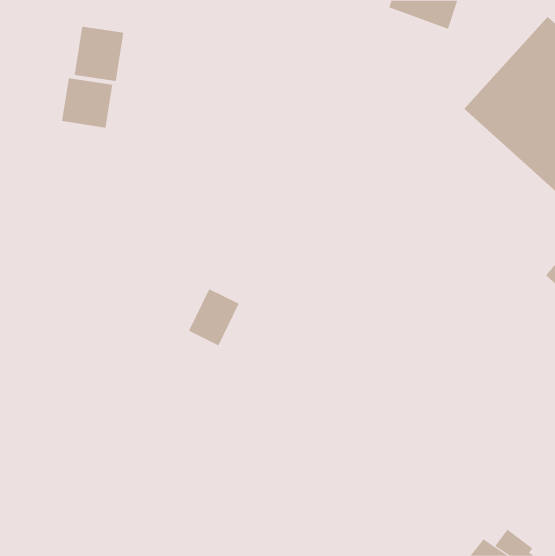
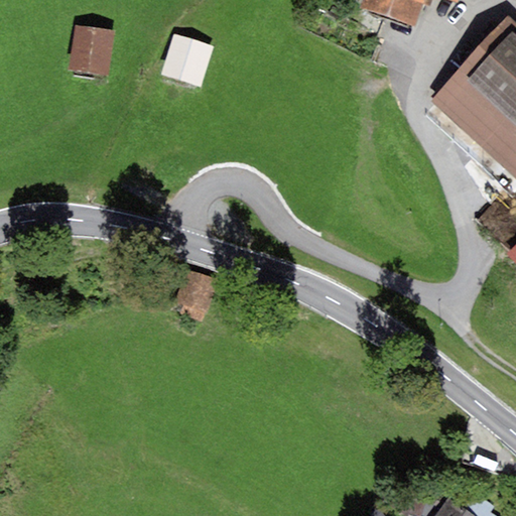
building: none -> [161,34,214,87]
building: [62,77,113,128] -> none

